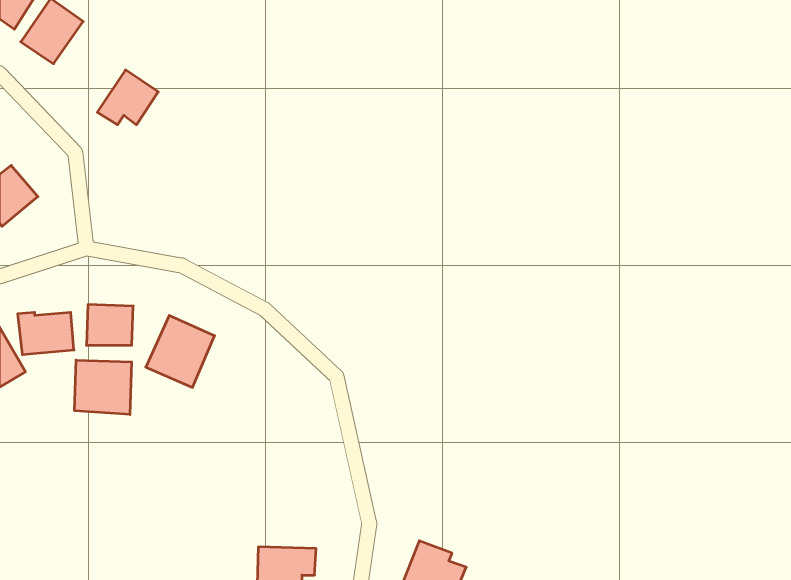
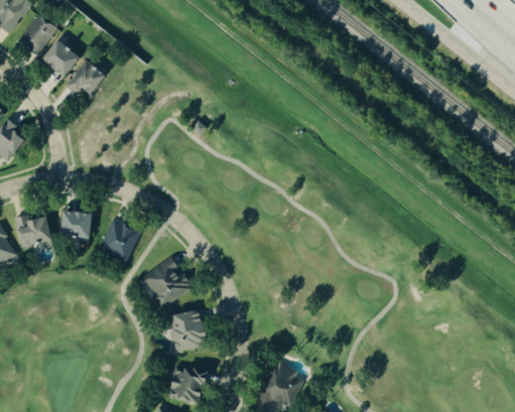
building: none -> [43,39,81,77]
building: [75,360,132,415] -> none
building: none -> [140,257,192,309]
building: none -> [165,310,204,351]

